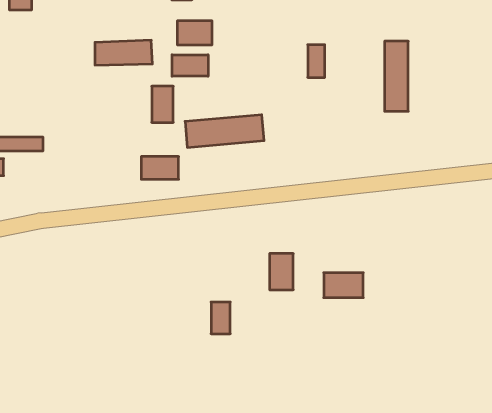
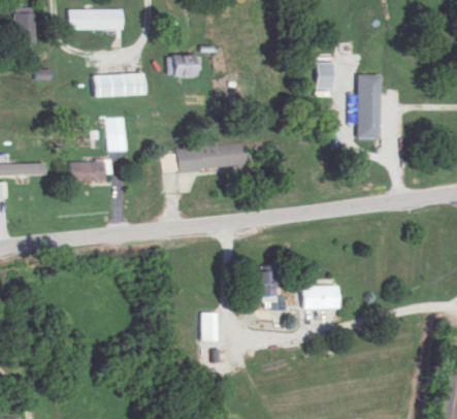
building: [308,45,325,77] -> [320,60,335,90]
building: [172,55,208,76] -> none
building: [152,86,173,122] -> [107,117,127,150]
building: [141,157,179,179] -> [70,160,104,181]

